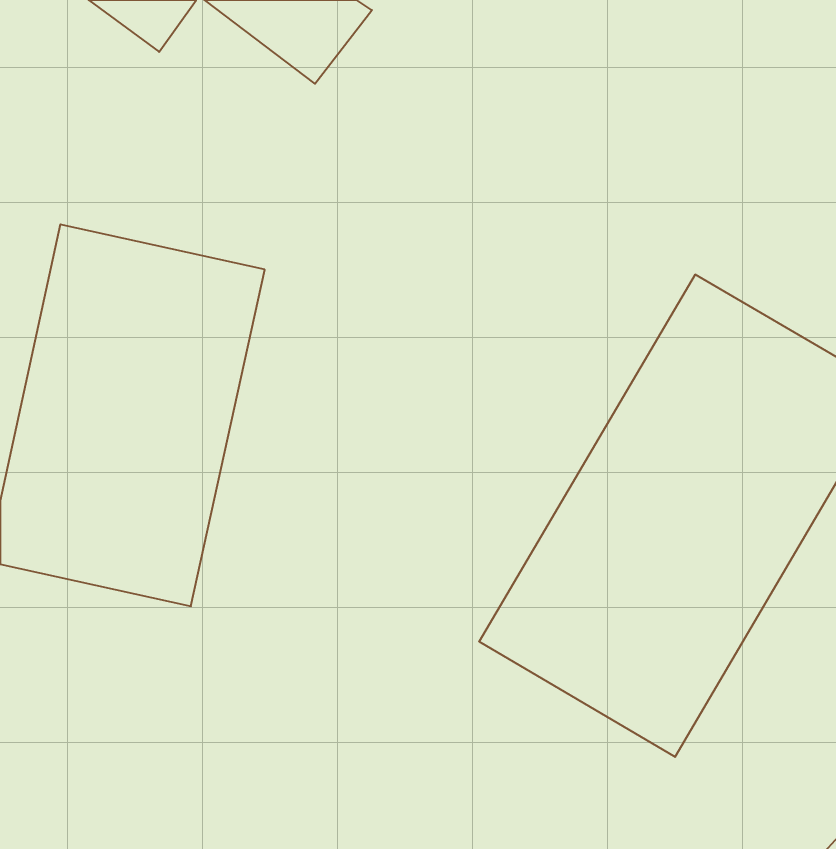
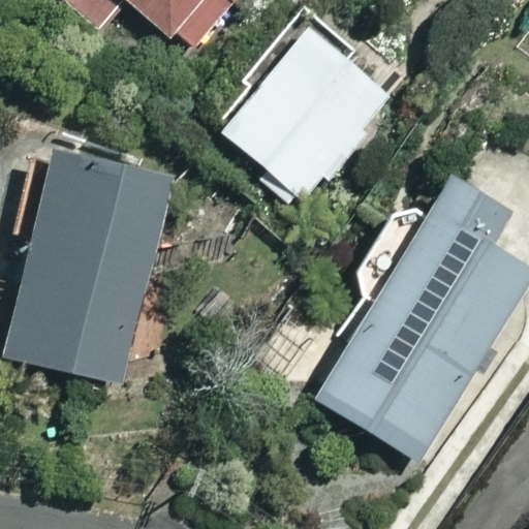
building: none -> [216,21,396,204]

